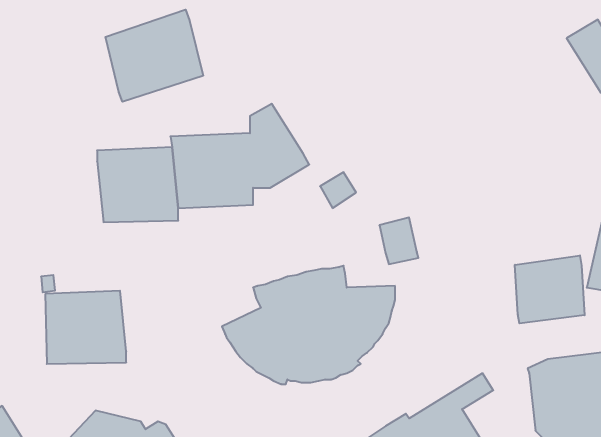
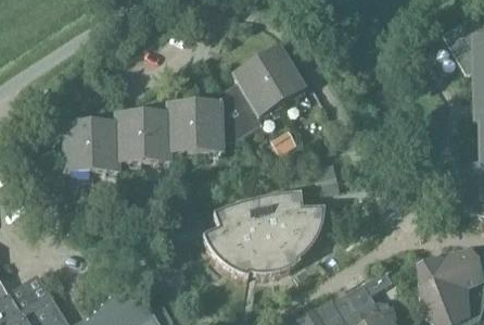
building: [105,10,203,102] -> none
building: none -> [234,43,305,113]
building: [515,255,585,323] -> none
building: [45,291,126,364] -> [65,118,122,170]

